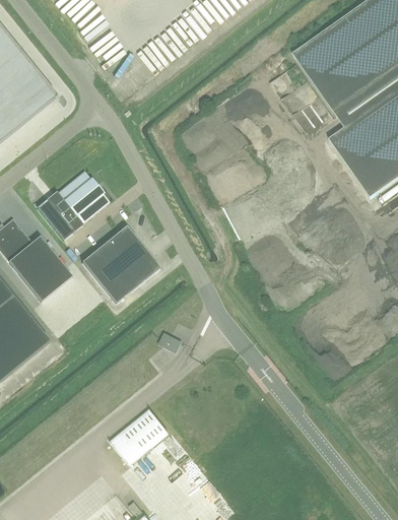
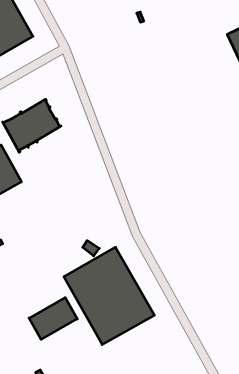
building: [82,224,160,303] -> none
building: none -> [64,247,154,345]

